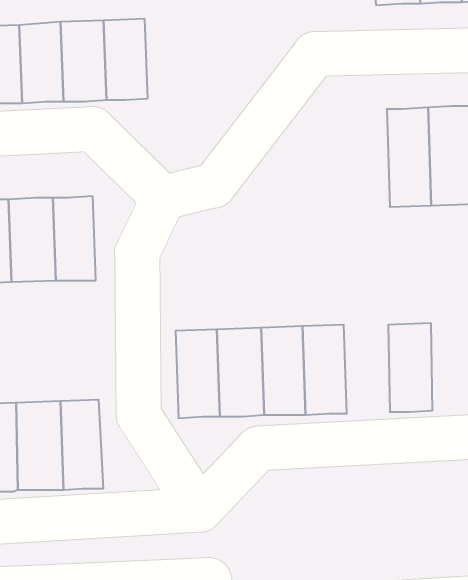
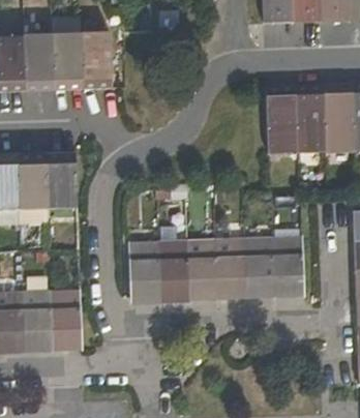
building: none -> [243,238,274,298]

